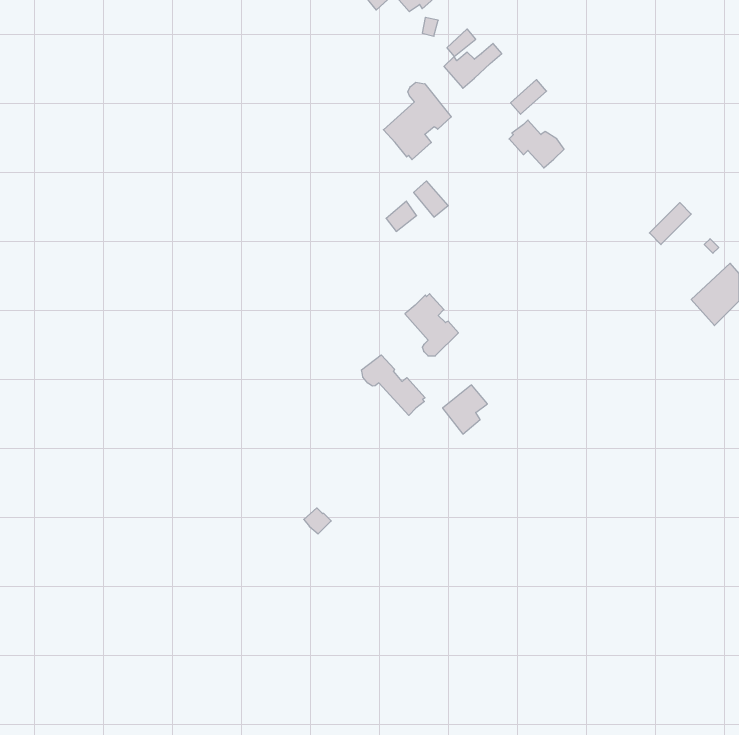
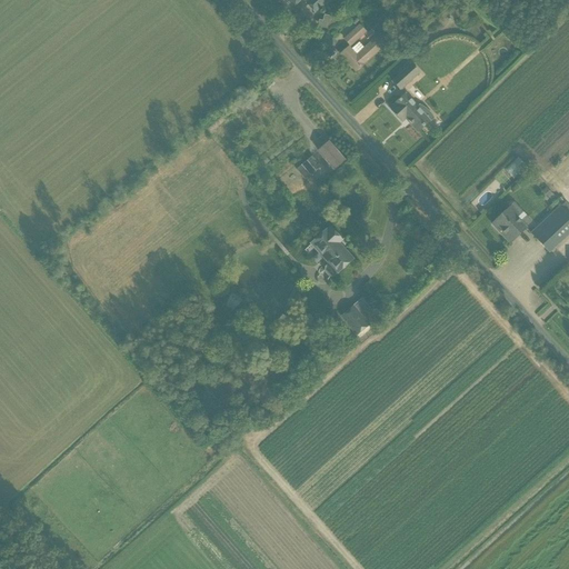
building: [383,82,451,160] -> none
building: none -> [492,206,526,239]
building: [362,355,425,415] -> none

